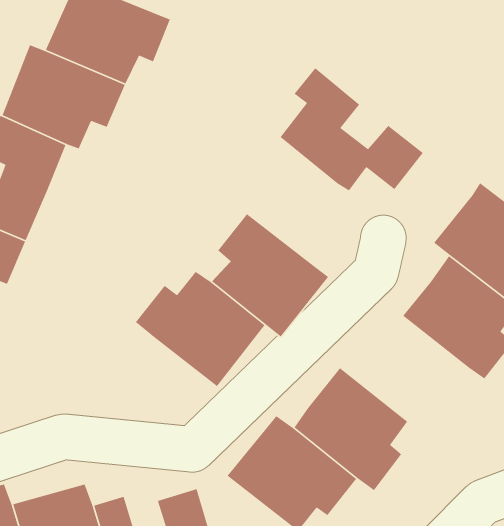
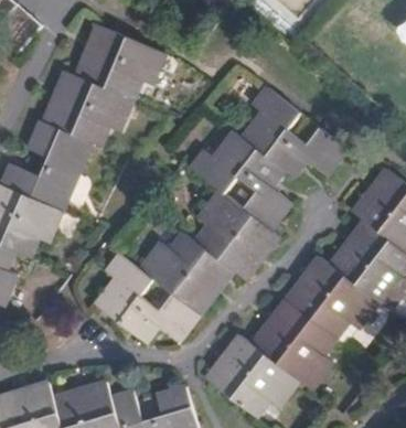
building: none -> [190,131,289,229]
building: none -> [95,253,197,342]
building: none -> [285,256,376,339]

